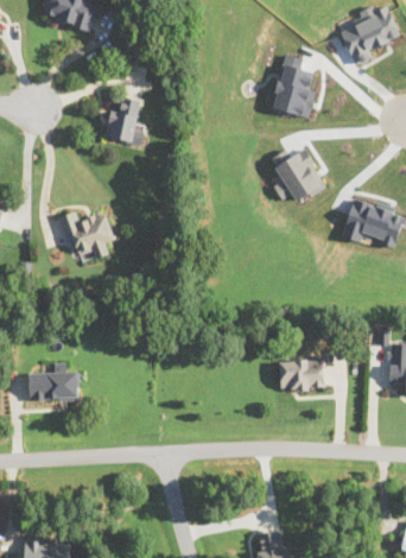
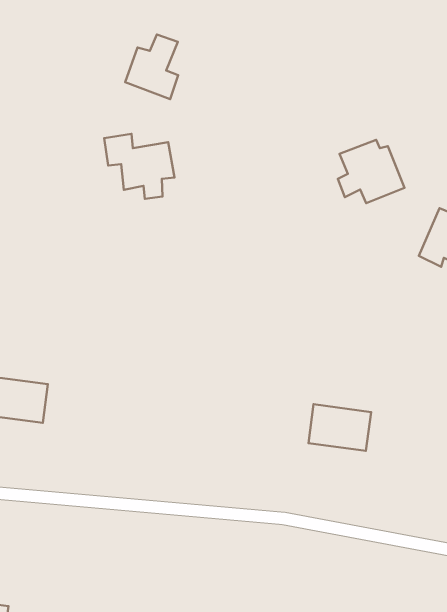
building: [264,57,313,116] -> none
building: [56,210,113,258] -> [104,134,175,199]

